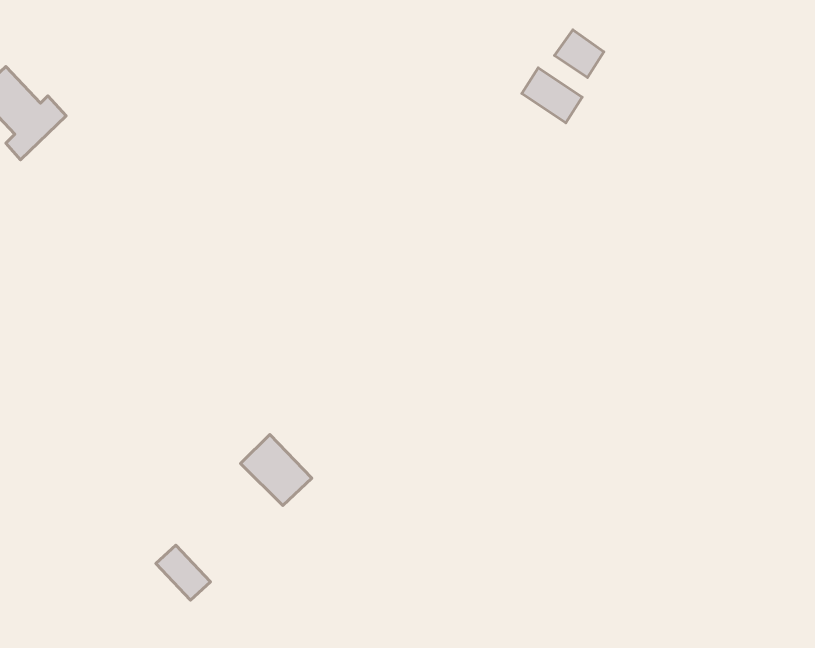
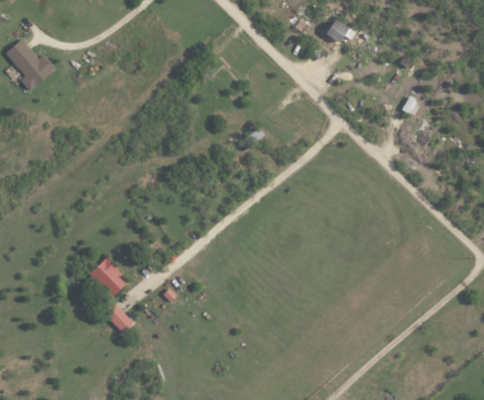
building: [522,68,582,123] -> none
building: [241,434,312,506] -> [90,258,129,297]

